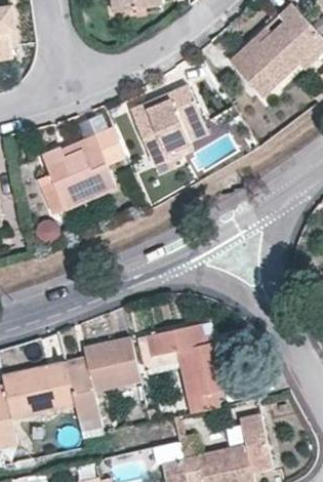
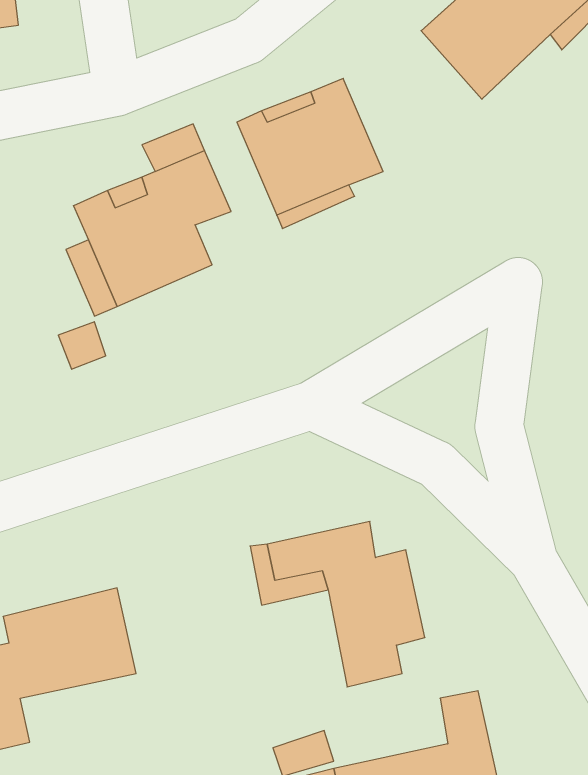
building: [66,336,140,436] -> none

